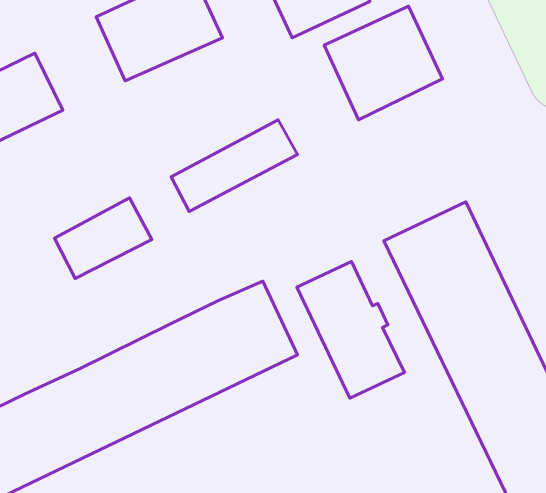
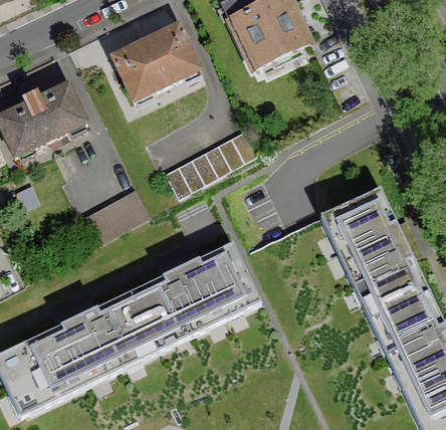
building: [324,6,442,120] -> none
building: [297,262,405,398] -> none

